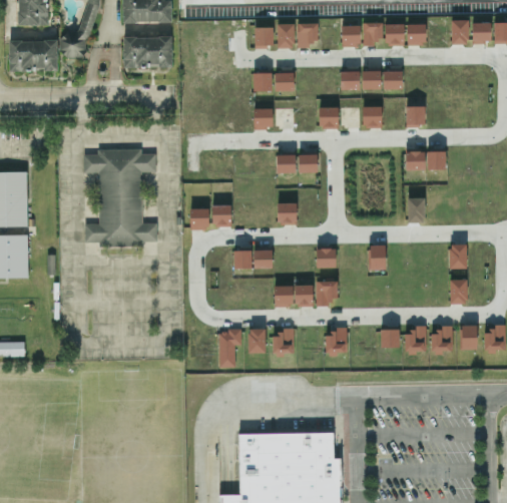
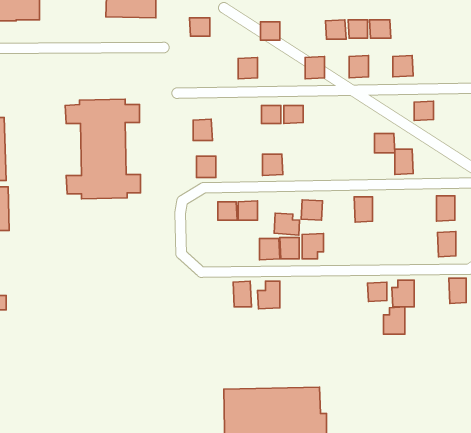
building: [252,72,273,90] -> [189,18,210,36]
building: [406,150,426,169] -> [374,134,395,153]
building: [190,207,209,228] -> [193,119,212,140]
building: none -> [274,213,300,235]
building: [432,326,453,353] -> [383,307,405,334]
building: [327,327,348,357] -> none
building: [219,330,242,367] -> none

